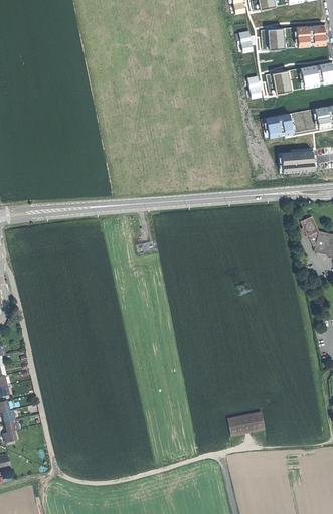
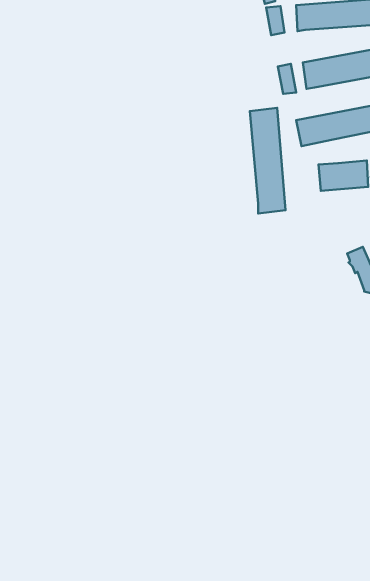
building: none -> [250,108,285,213]
building: [226,411,264,437] -> none

